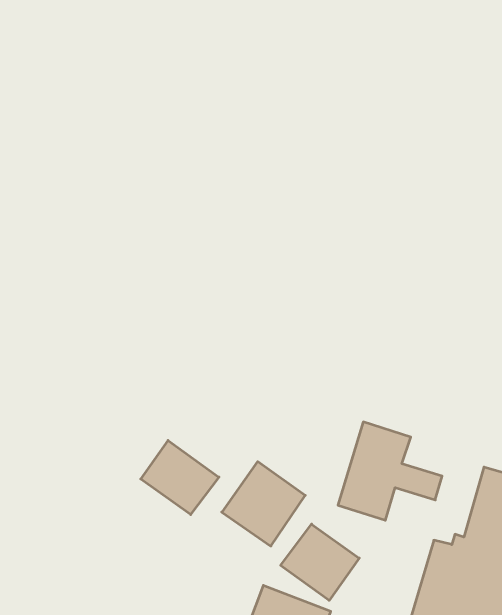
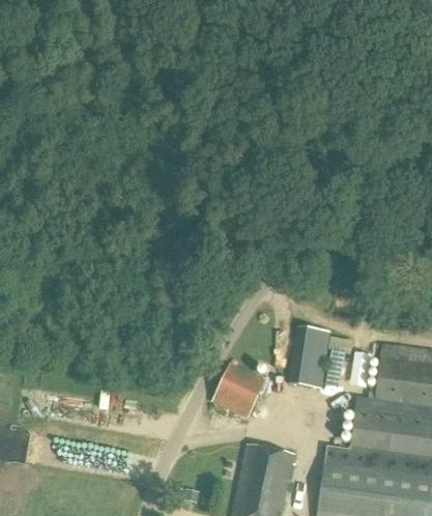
building: [141,440,219,515] -> none
building: [281,524,359,600] -> none

